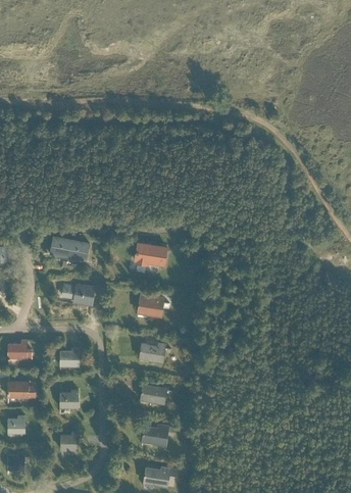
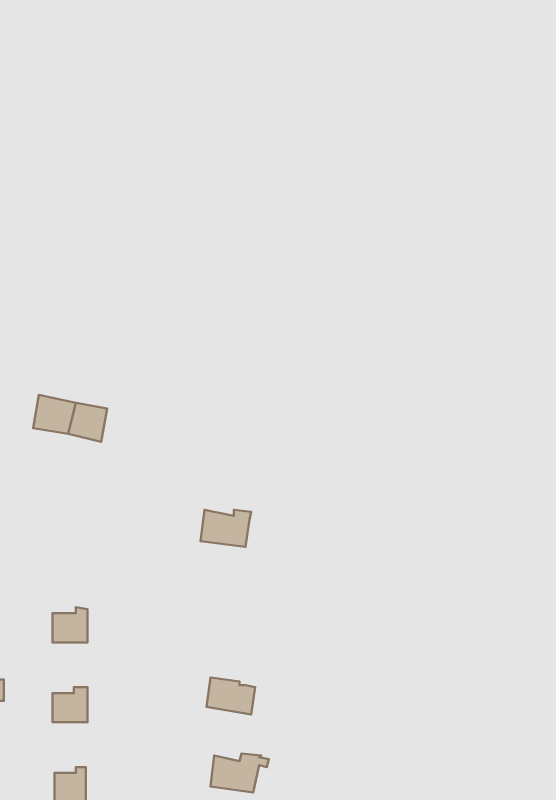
building: [135,243,166,265] -> none
building: [61,284,94,304] -> none
building: [139,341,164,362] -> none

